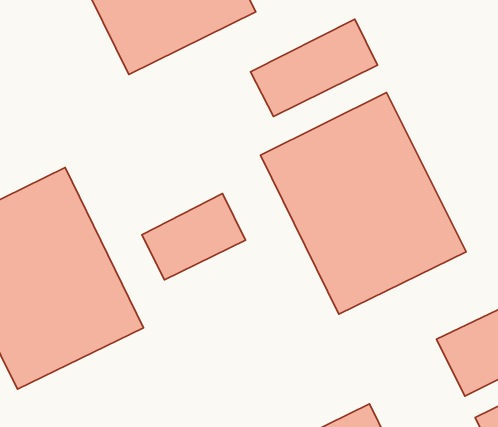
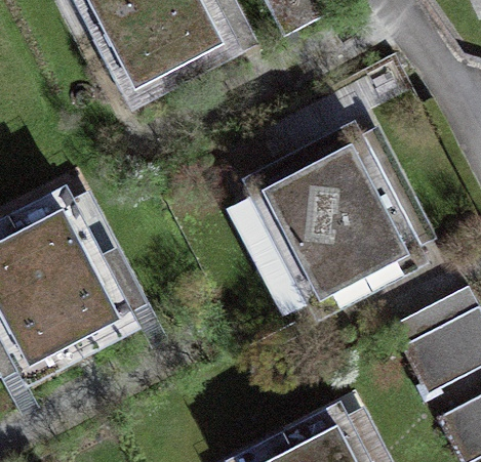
building: [251,19,377,116] -> none
building: [142,194,245,280] -> none

